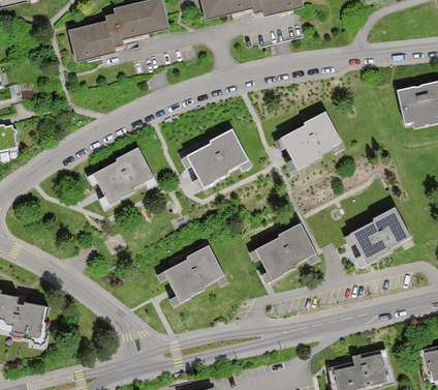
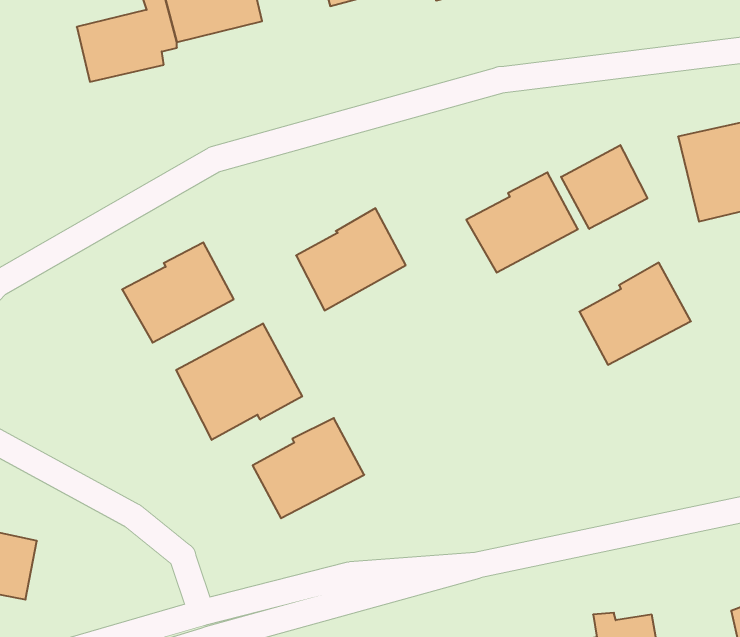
building: none -> [561,145,647,229]
building: none -> [176,323,302,440]
building: [351,206,412,262] -> [579,263,691,365]
building: [257,222,317,277] -> none

